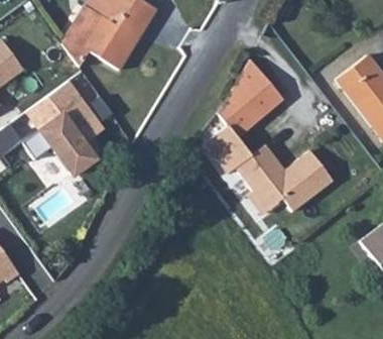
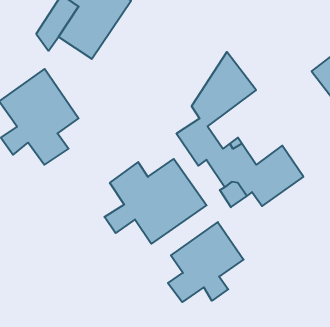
building: none -> [104,159,207,244]
building: none -> [168,222,244,302]

